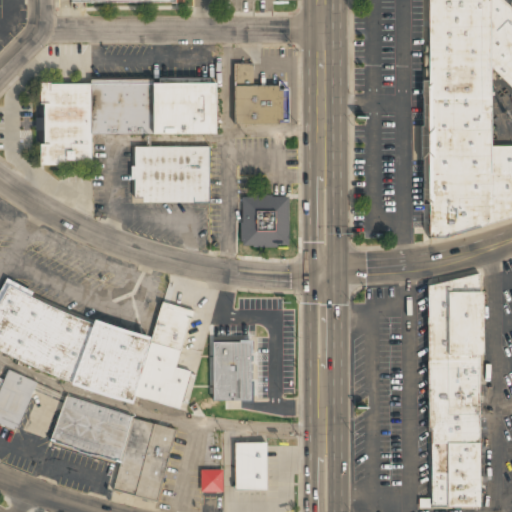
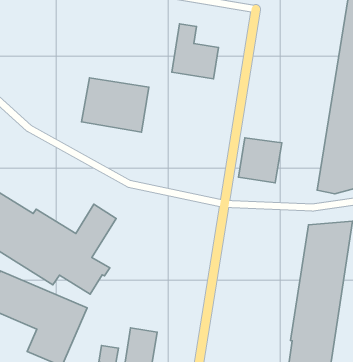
building: [42,81,216,164] -> none
building: [242,194,288,244] -> [238,138,282,183]
building: [213,340,251,400] -> none

